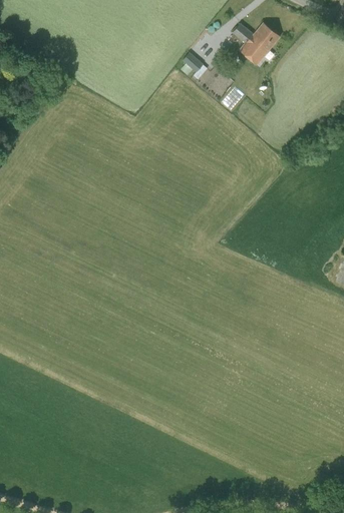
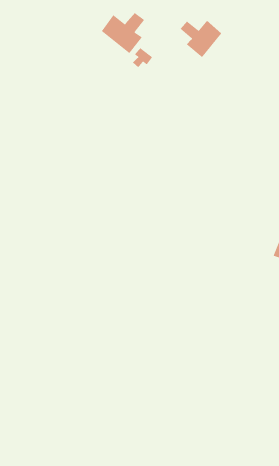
building: none -> [101,12,145,54]

